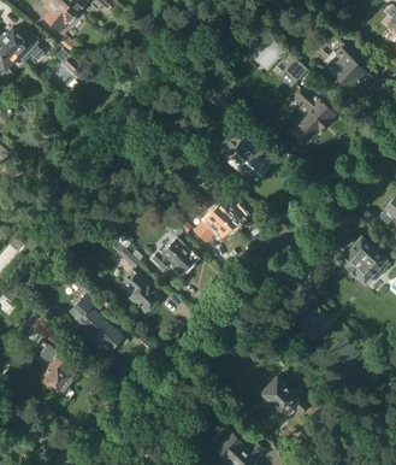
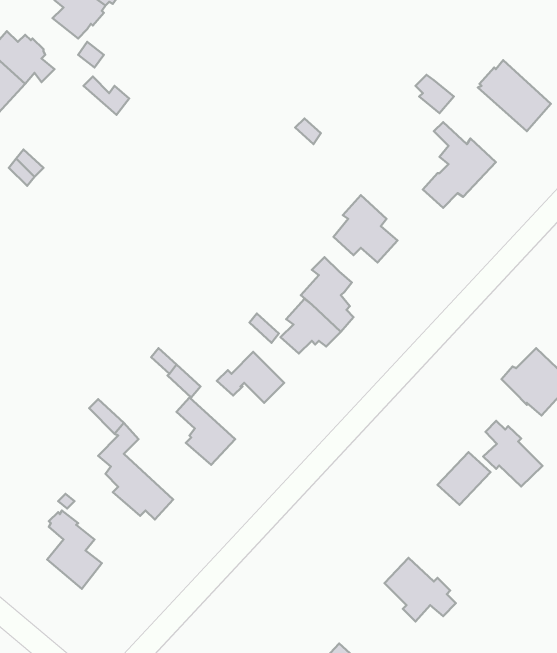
building: none -> [483,421,542,487]

